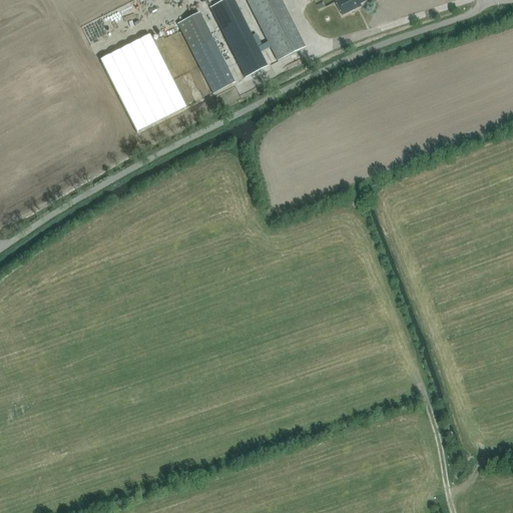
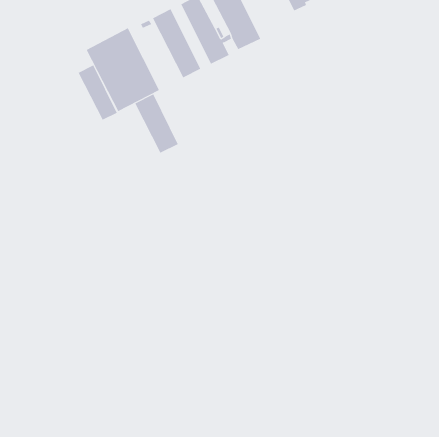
building: none -> [78,65,118,121]
building: none -> [135,94,179,154]

